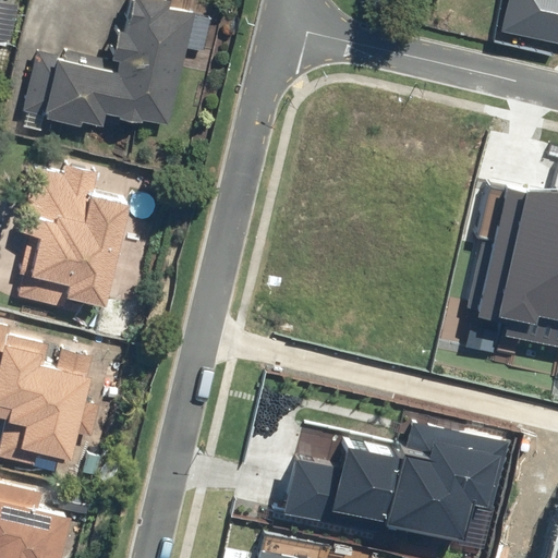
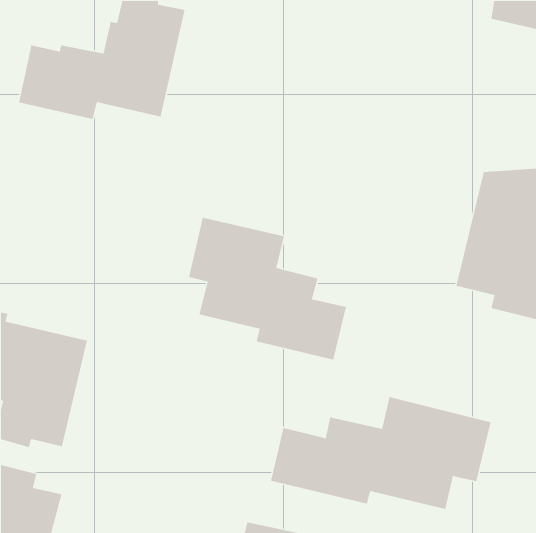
building: [16,167,131,313] -> none
building: none -> [188,217,347,360]

